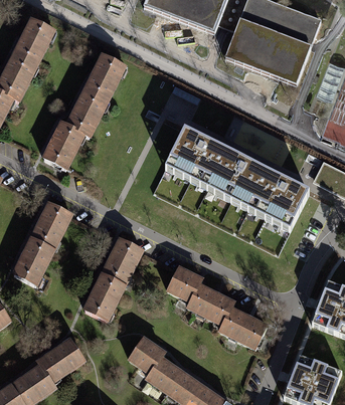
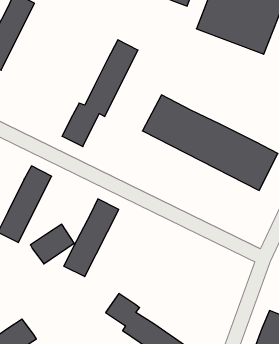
building: [43,55,124,169] -> [62,40,138,147]
building: [167,267,267,348] -> none
building: [37,340,83,382] -> [30,224,74,264]

